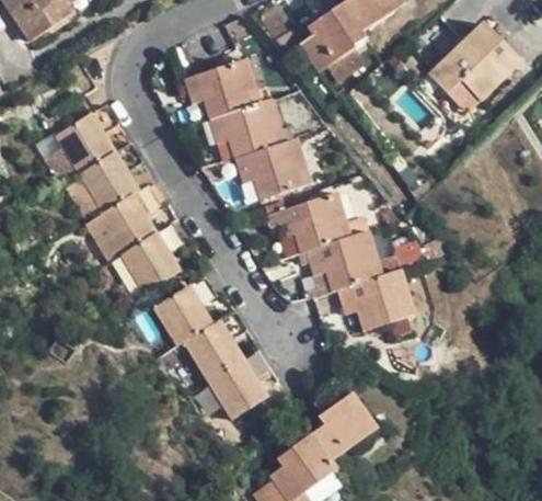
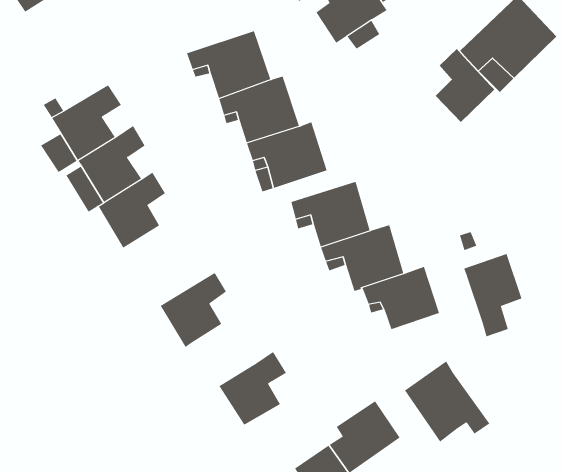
building: none -> [435,48,495,123]
building: [120,224,183,294] -> none
building: none -> [464,253,522,337]
building: [184,310,246,382] -> none
building: none -> [404,360,490,442]

